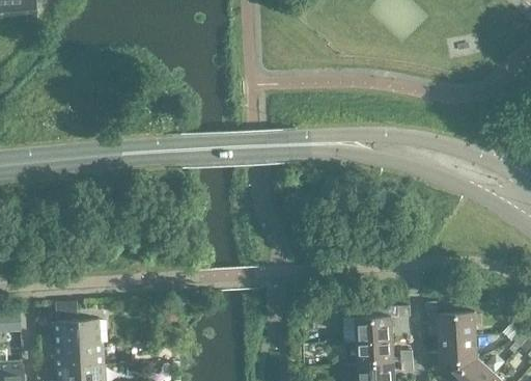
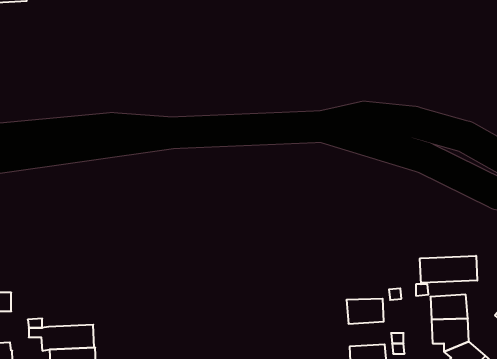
building: none -> [420,256,477,284]
building: [55,320,101,345] -> none
building: [342,339,392,364] -> none

